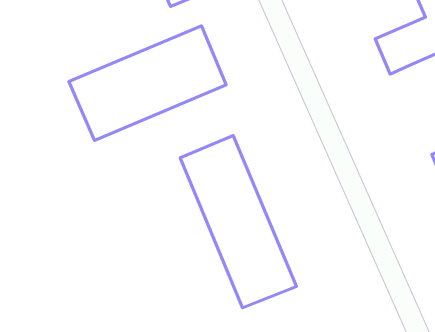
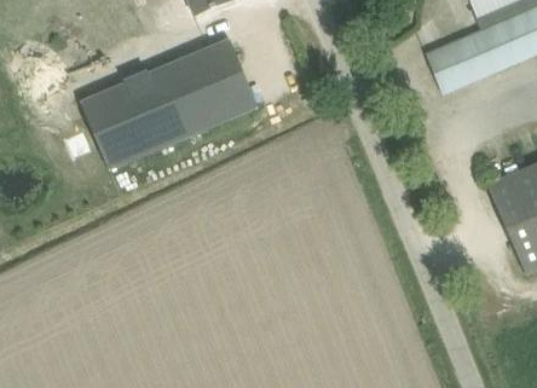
building: [180,135,297,308] -> none

